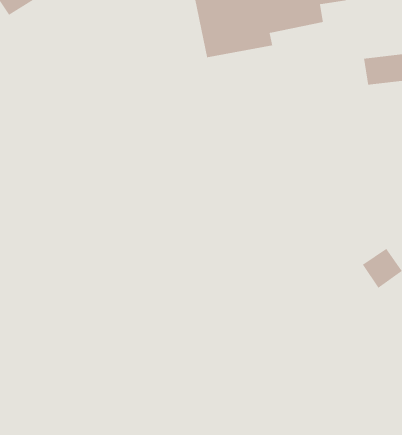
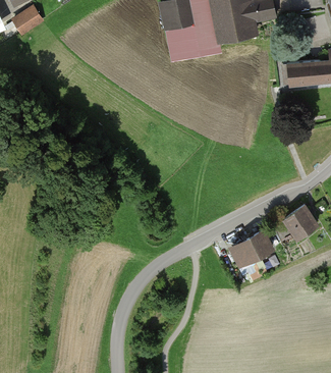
building: none -> [235,229,273,263]

